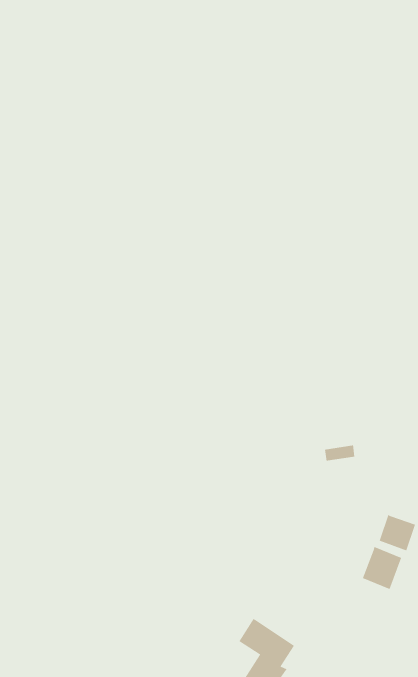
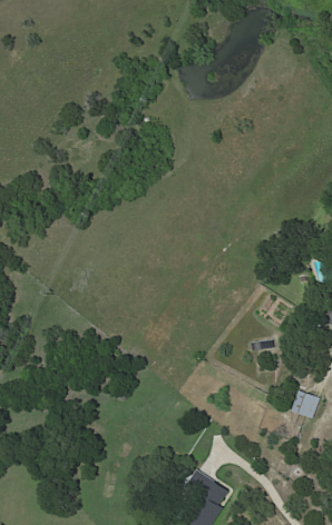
building: [362,546,402,590] -> none

